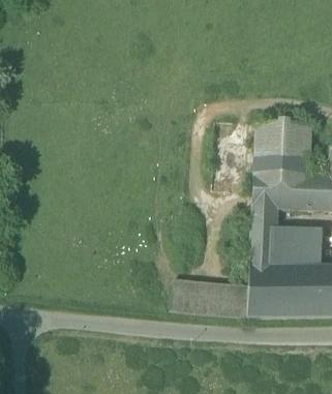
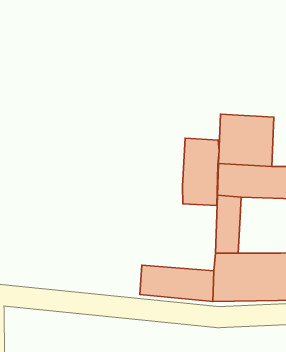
building: none -> [183,138,219,206]
building: [274,228,320,266] -> none

